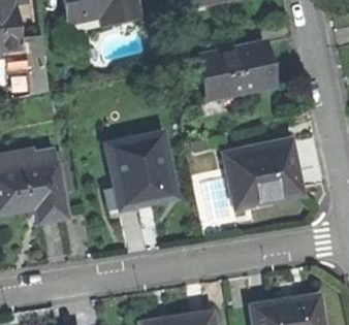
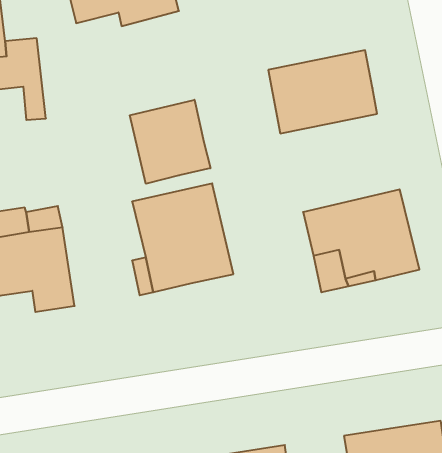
building: none -> [130,100,210,184]

